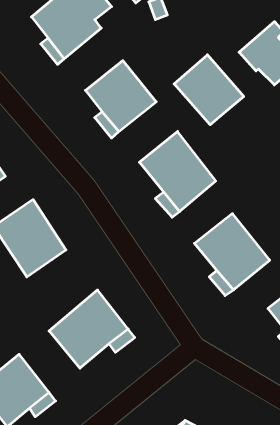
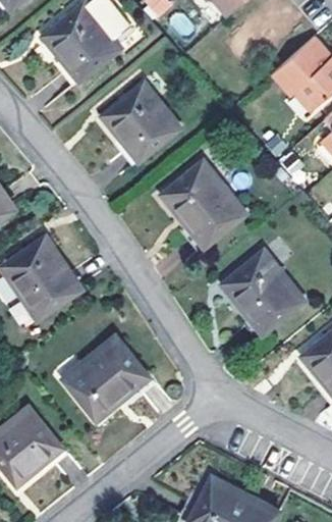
building: [174,55,244,125] -> none

